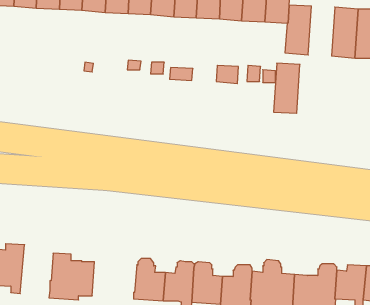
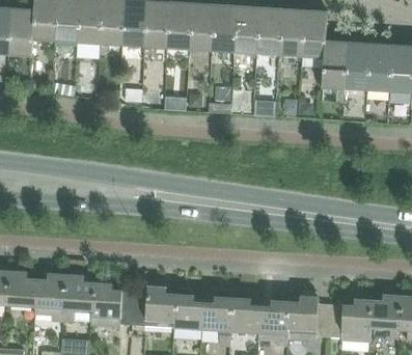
building: [274,63,300,113] -> [345,42,370,90]
building: none -> [62,275,94,324]
building: none -> [133,280,176,328]

